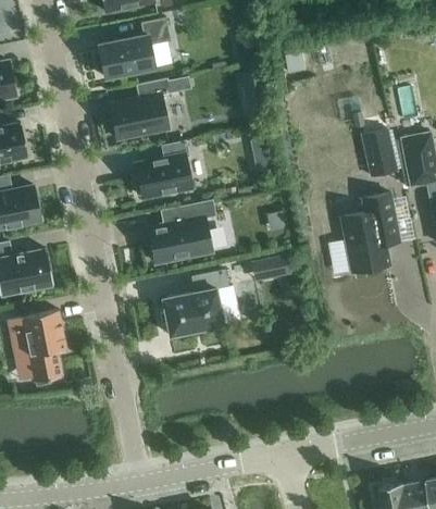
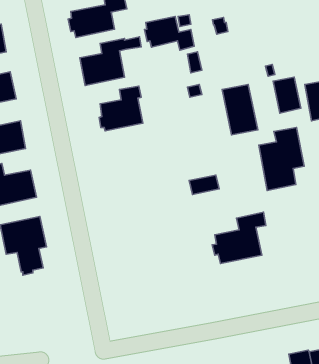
building: none -> [144,16,194,50]
building: none -> [222,84,258,135]
building: [149,201,215,264] -> none
building: [160,270,229,336] -> [212,212,266,263]

